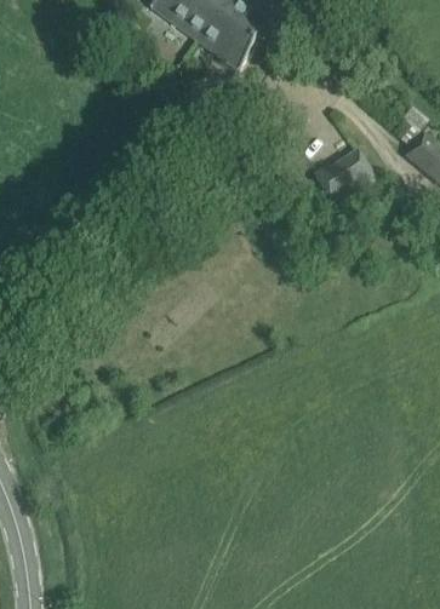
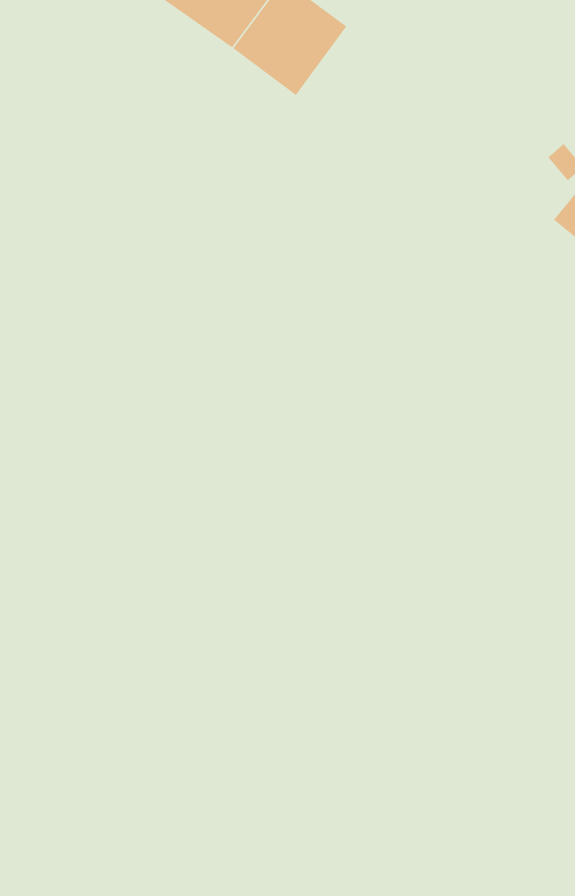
building: [312,155,370,206] -> none

